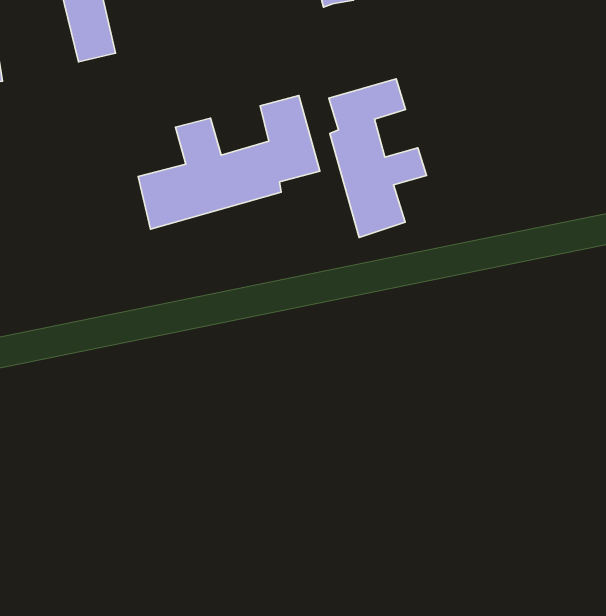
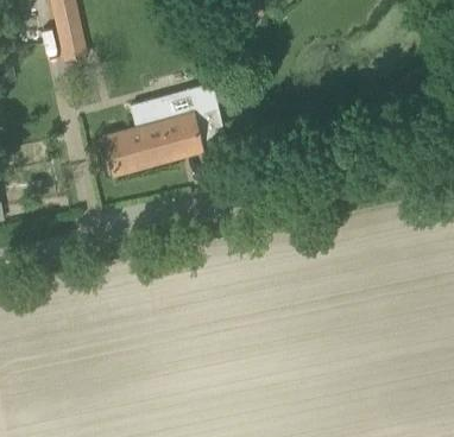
building: [329,79,427,237] -> none

